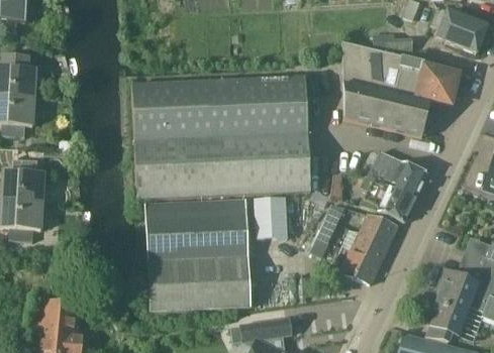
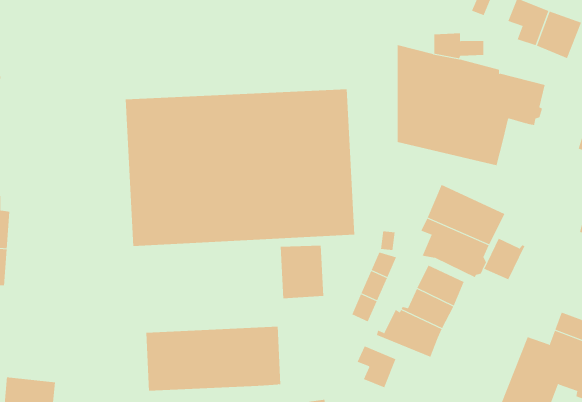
building: none -> [484,238,525,280]
building: [145,199,252,265] -> none
building: none -> [357,345,396,388]

